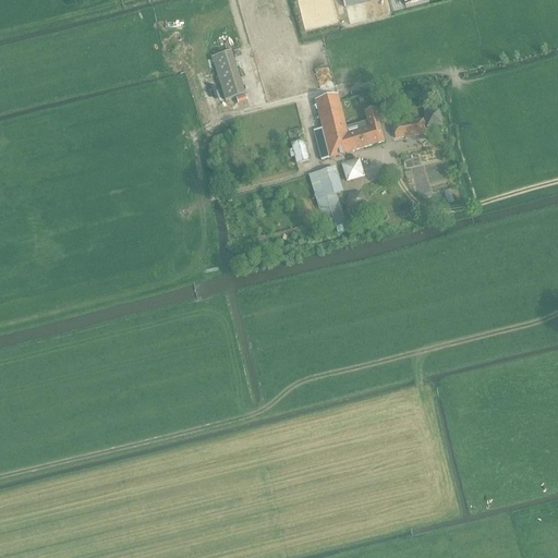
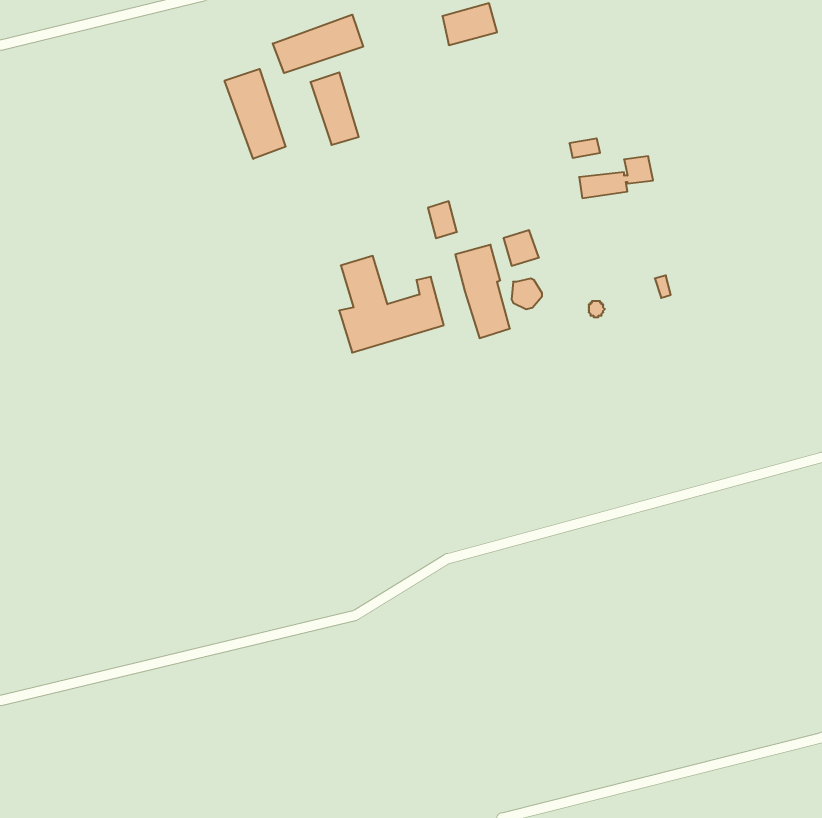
building: none -> [273,15,363,73]
building: none -> [225,69,286,159]
building: [313,93,384,158] -> [339,256,444,353]

